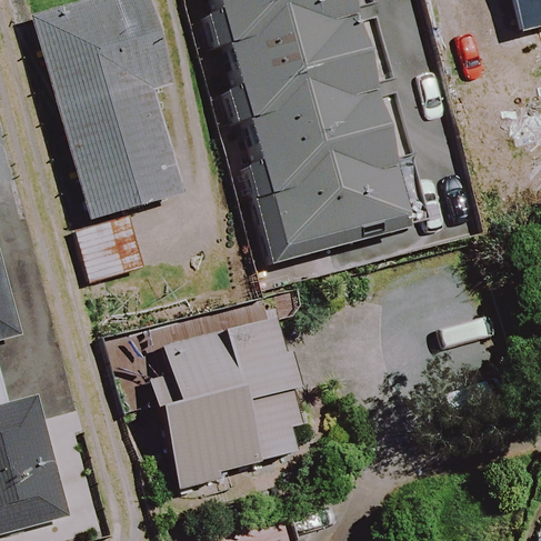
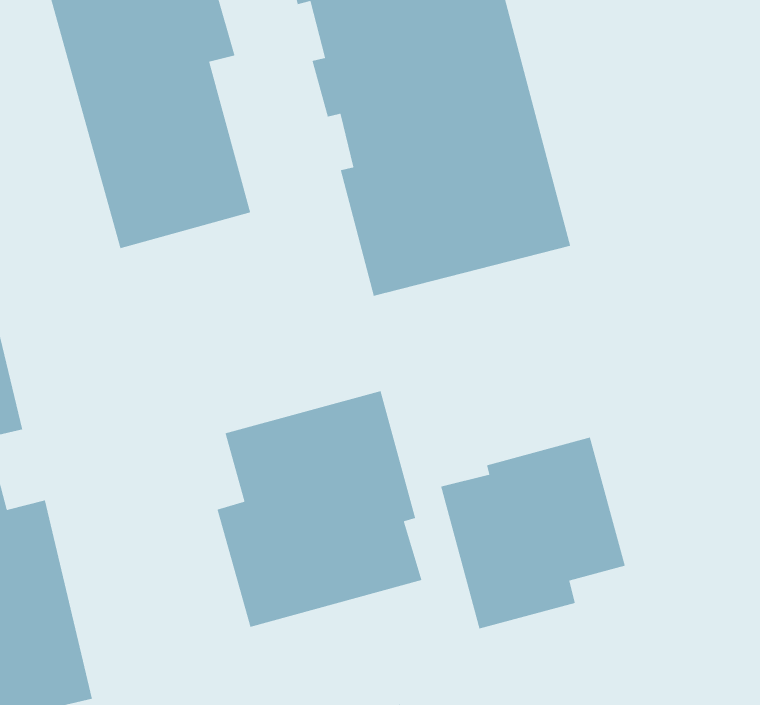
building: none -> [440,436,626,629]

